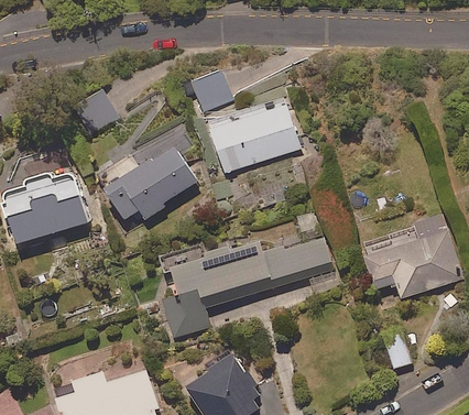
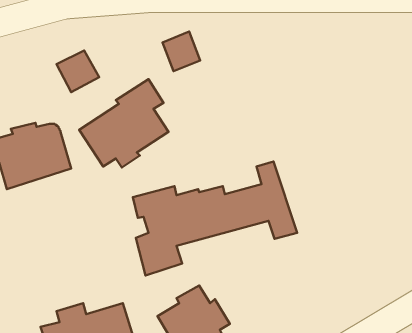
building: [207,96,301,174] -> none
building: [364,214,462,299] -> none

